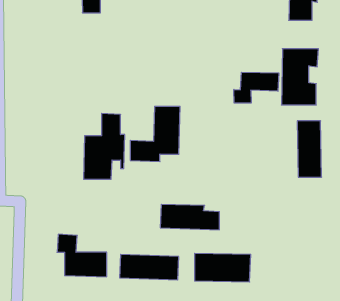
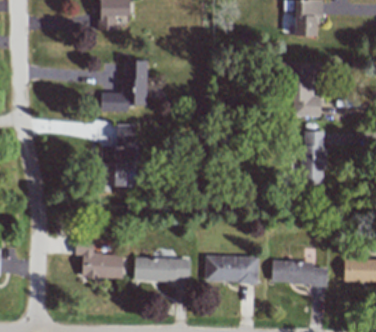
building: [234,72,279,103] -> none
building: [130,106,180,162] -> [101,60,148,112]
building: [160,204,219,230] -> [272,261,328,285]

